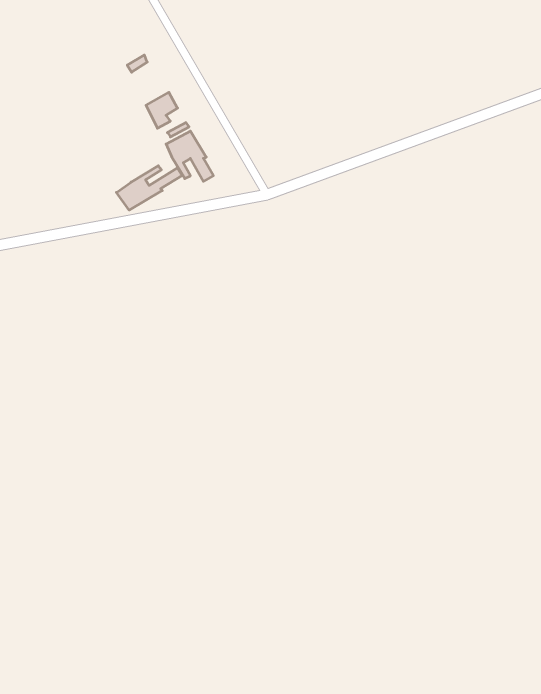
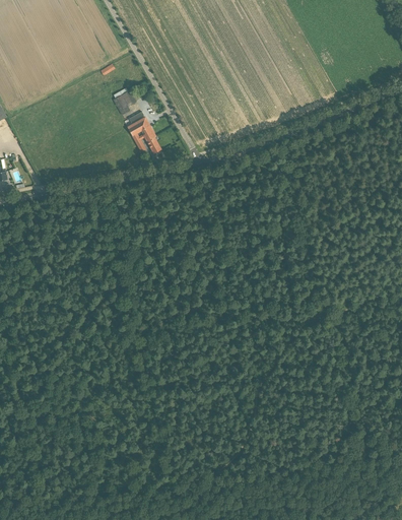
building: [116,166,182,210] -> none

